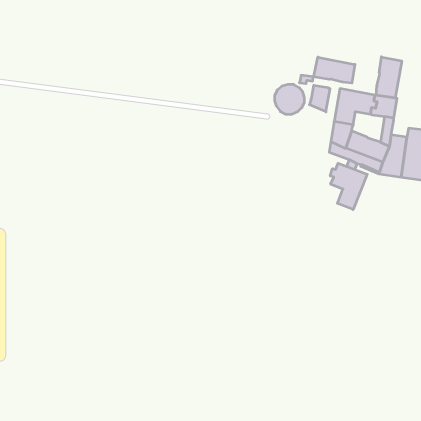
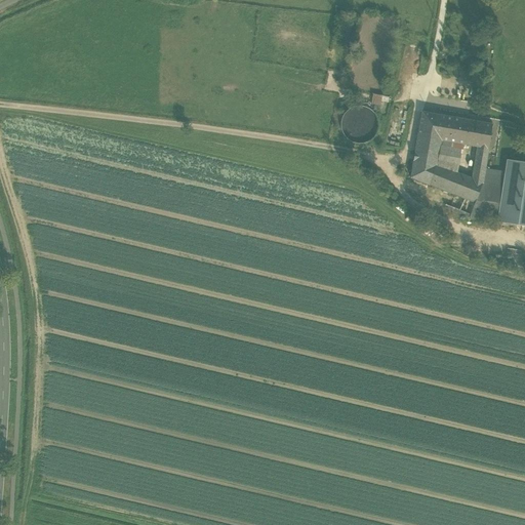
building: [376,57,402,98] -> none
building: [313,57,355,83] -> none
building: [309,85,330,112] -> [438,138,463,171]
building: [330,163,367,210] -> none

